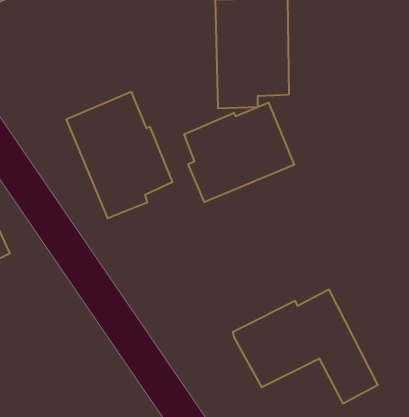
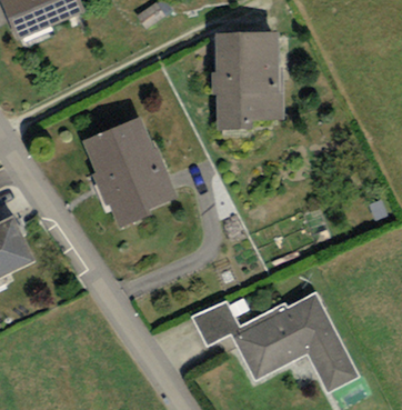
building: [184,102,294,202] -> none
building: none -> [191,298,239,346]

